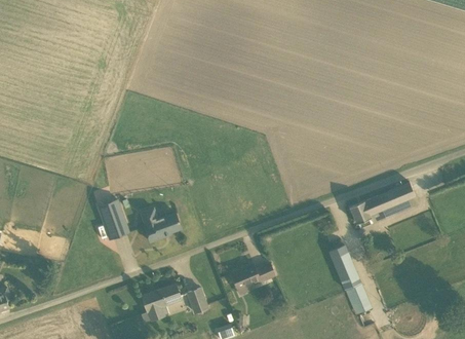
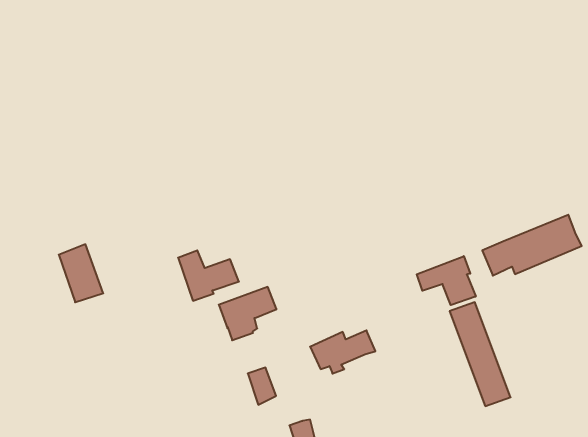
building: [99,198,129,238] -> [59,244,103,302]
building: none -> [417,256,476,305]
building: [142,284,182,321] -> [219,287,277,340]

